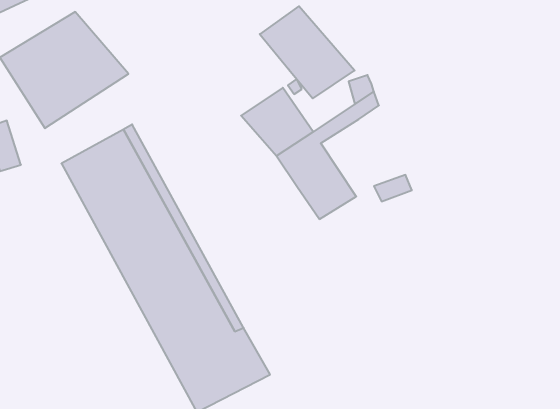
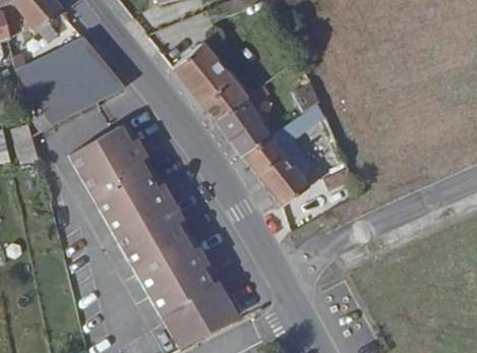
building: [260,6,355,98] -> [172,42,248,116]

